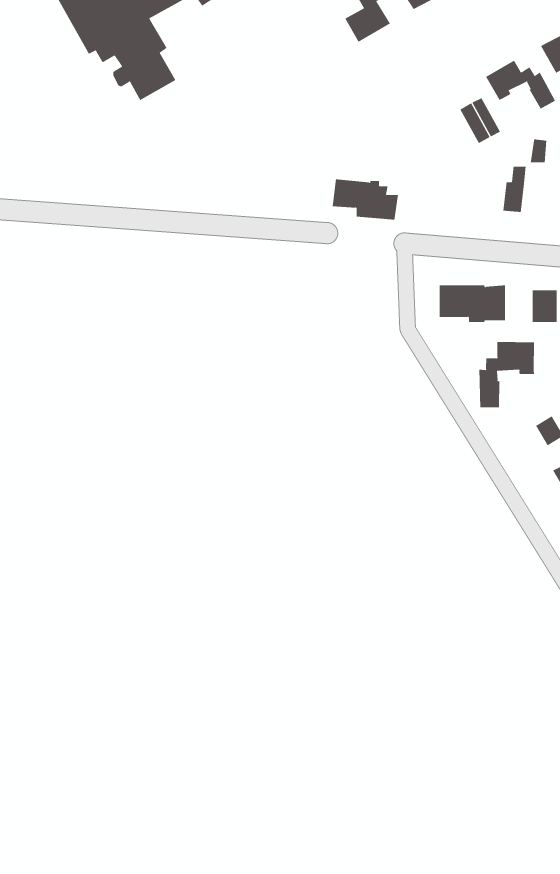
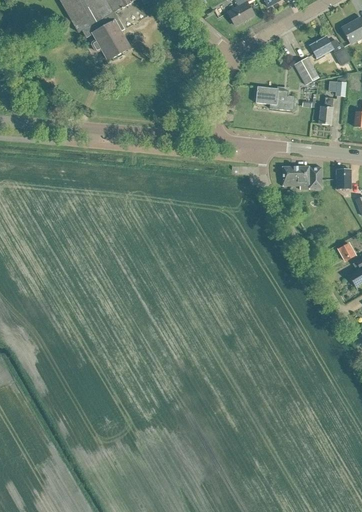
building: [332,179,399,220] -> [255,86,294,110]
building: [479,341,534,408] -> none

